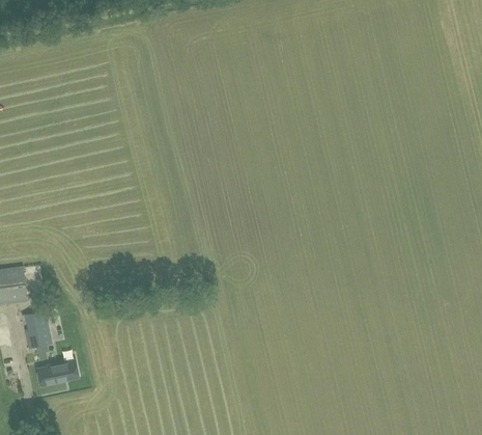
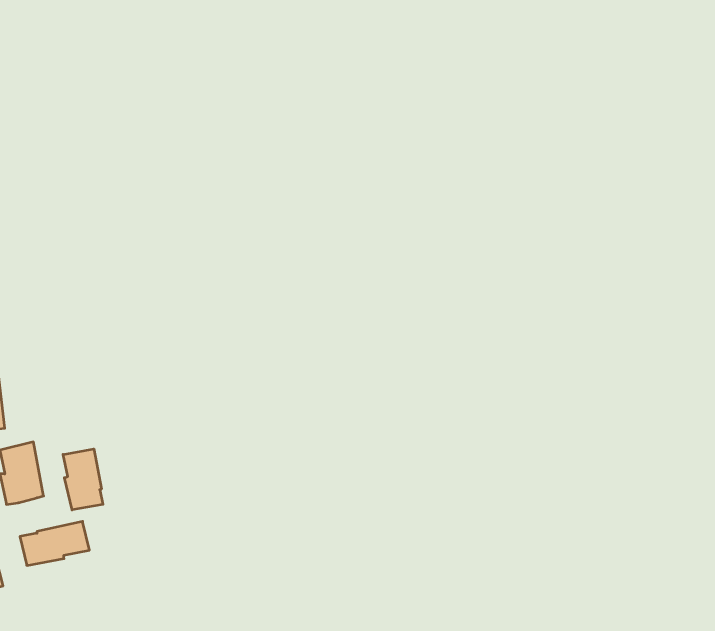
building: none -> [63,449,103,510]

